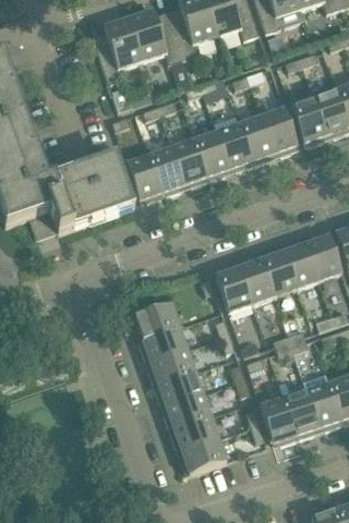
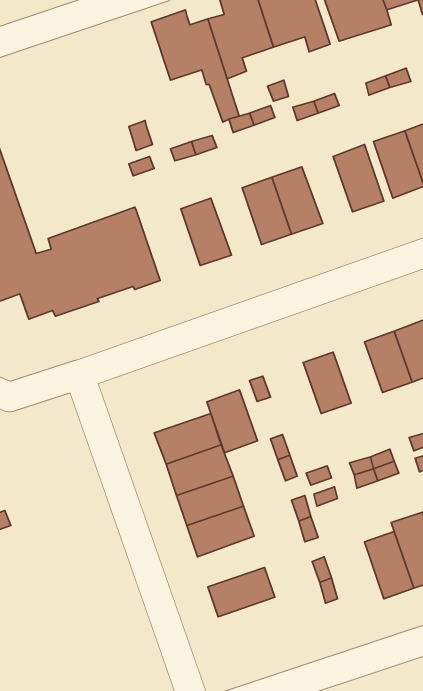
building: [94,16,142,83] -> none
building: [238,114,275,163] -> none
building: [171,137,208,186] -> none
building: [127,153,164,203] -> none
building: [261,250,297,294] -> none
building: [215,265,252,311] -> [207,390,257,453]
building: [161,391,210,428] -> none
building: [260,396,298,445] -> none
building: [177,436,227,474] -> none

